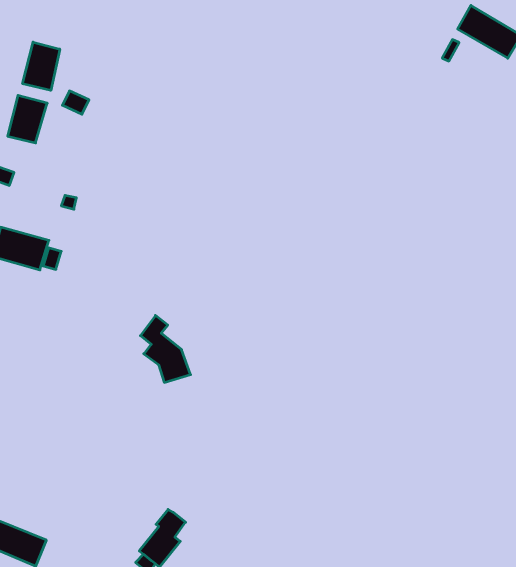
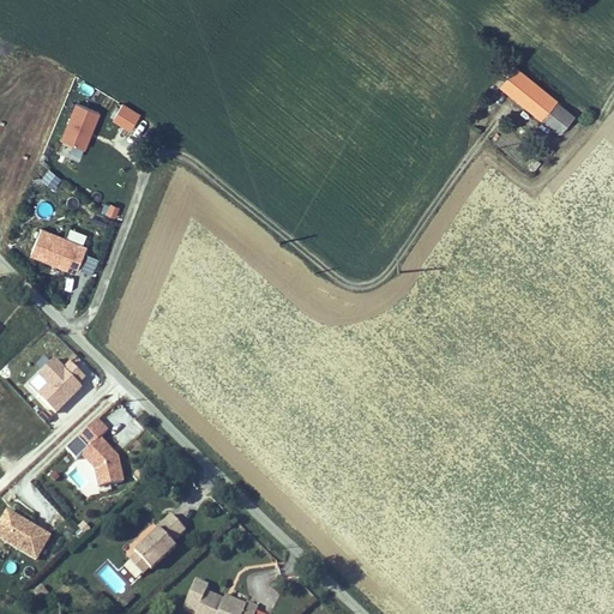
building: [23,42,60,90] -> none
building: [140,315,191,382] -> [77,420,121,486]
building: none -> [32,356,82,416]

